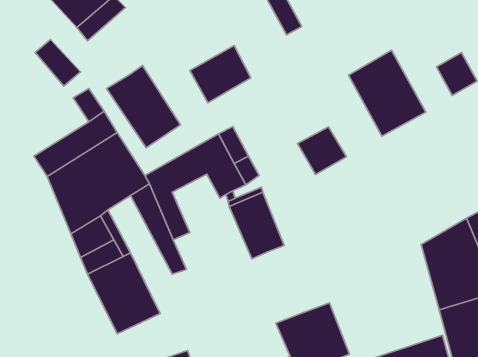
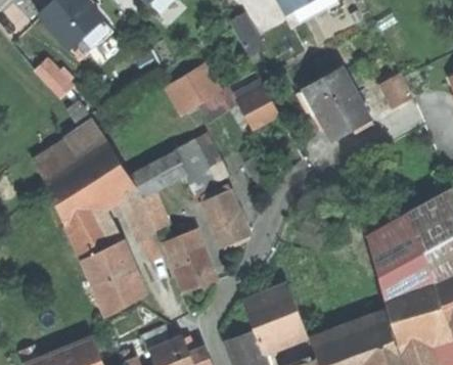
building: [107,66,181,148] -> none
building: [298,127,346,175] -> [239,89,281,130]
building: none -> [165,230,216,292]

